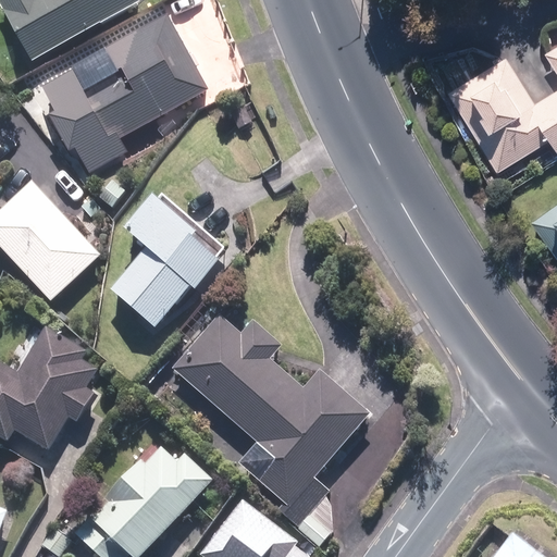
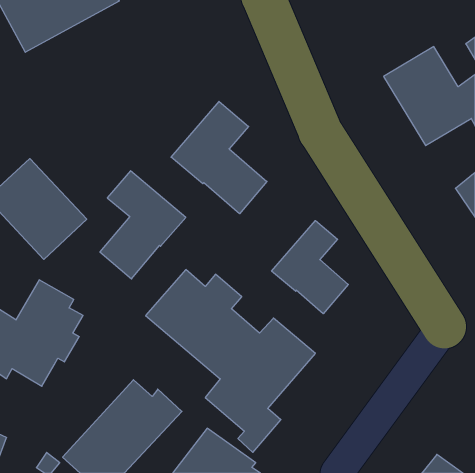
building: [39,15,208,173] -> none
building: none -> [171,101,267,214]
building: none -> [272,221,348,314]

